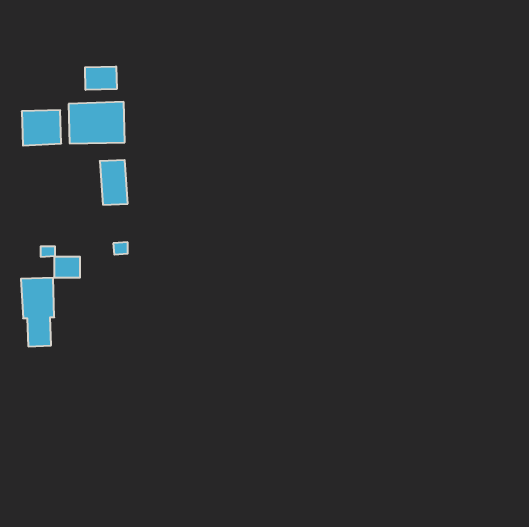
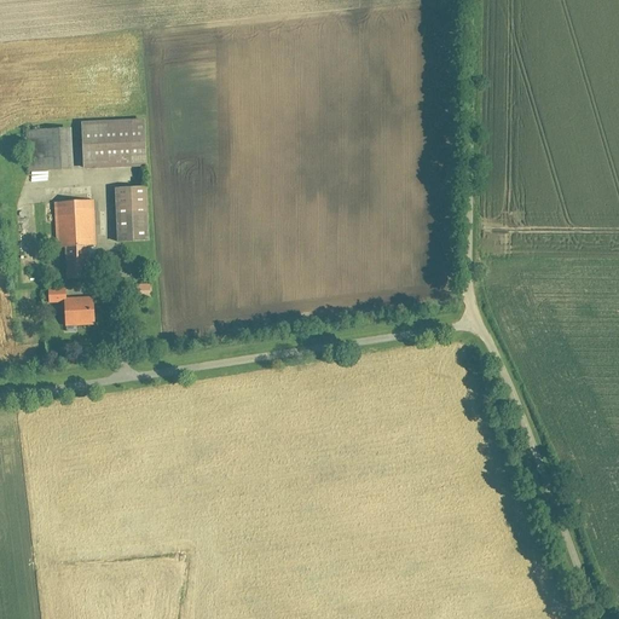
building: [85,66,117,90] -> none
building: [21,278,54,346] -> [53,197,92,277]

